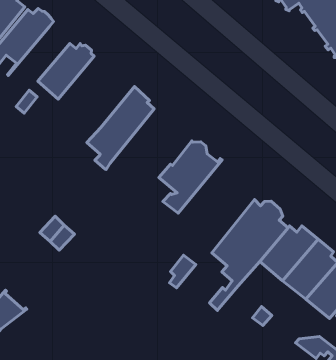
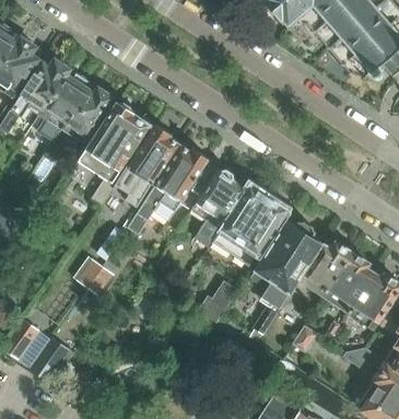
building: none -> [31,72,91,131]
building: none -> [72,102,150,213]
building: none -> [127,144,218,234]
building: none -> [212,185,285,266]

